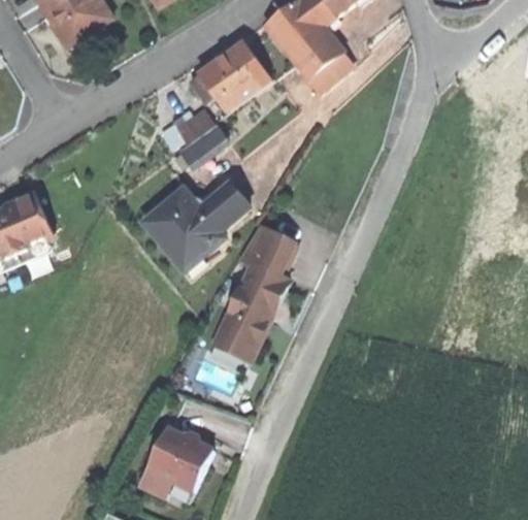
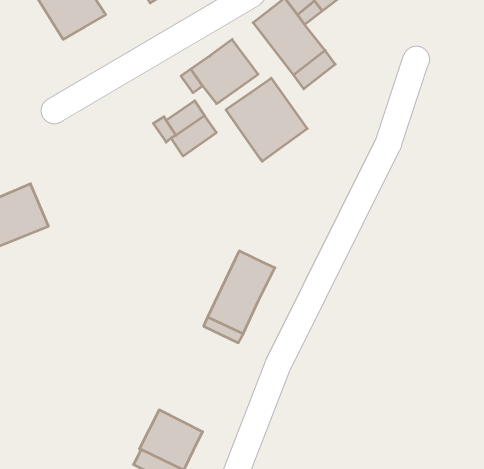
building: none -> [226,78,307,161]
building: [145,184,250,263] -> none
building: [239,224,293,275] -> none

